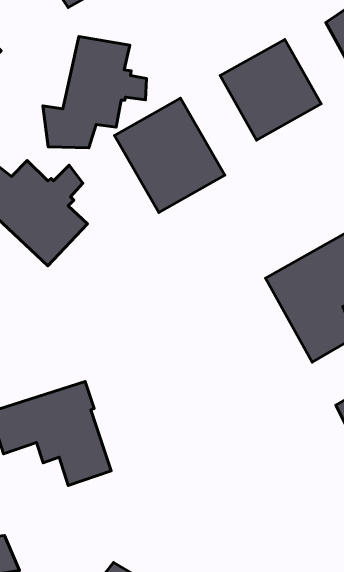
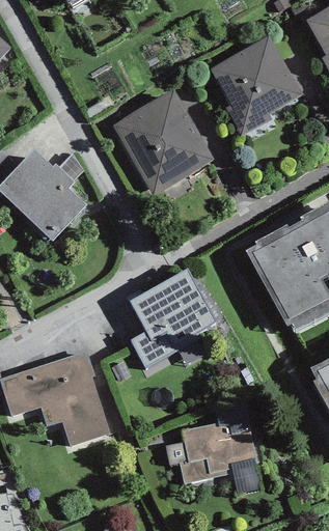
building: [43,36,147,148] -> none
building: none -> [130,269,217,366]
building: none -> [181,415,258,480]

